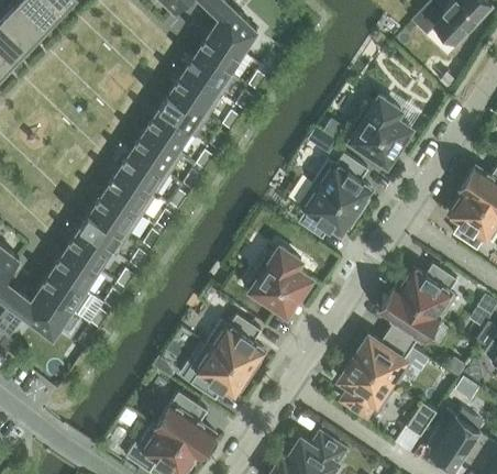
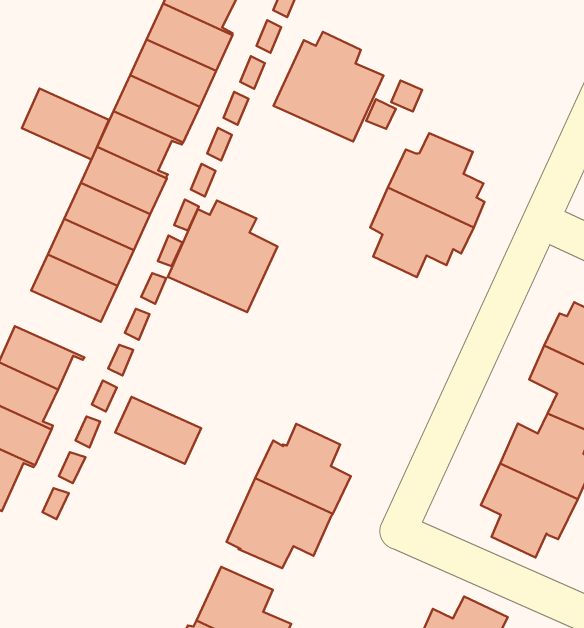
building: none -> [22,89,109,160]
building: [343,98,411,166] -> [274,32,383,141]
building: [78,211,130,256] -> [115,397,201,464]
building: [243,247,311,317] -> [168,201,277,312]

